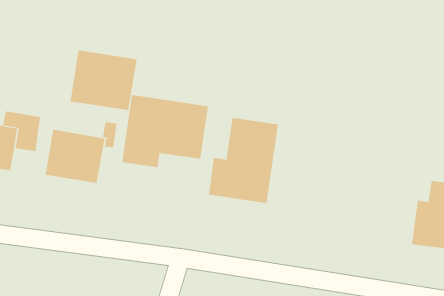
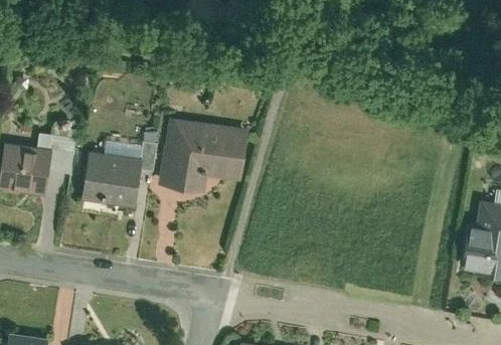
building: [69,49,137,111] -> none
building: [208,117,278,204] -> none

